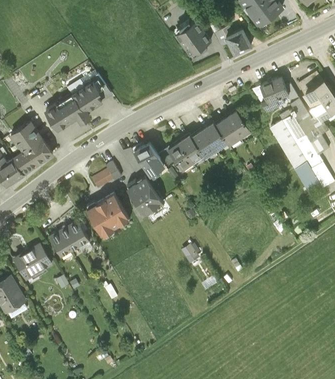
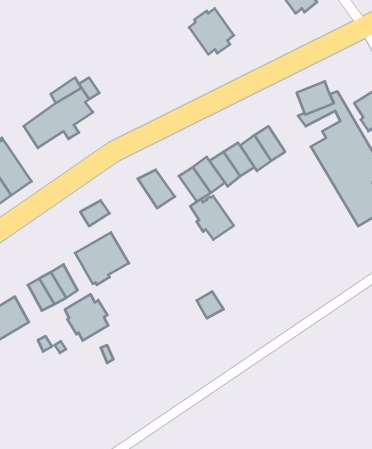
building: [214,29,250,54] -> none
building: [126,180,160,214] -> [190,196,234,240]
building: none -> [65,294,108,341]

